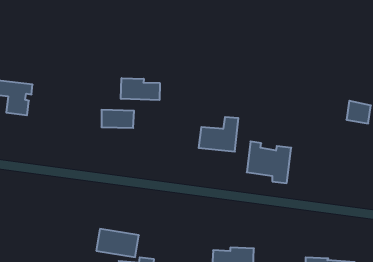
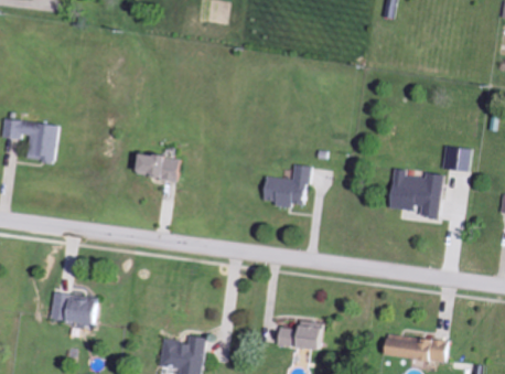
building: [121,78,160,100] -> none
building: [247,141,291,183] -> [389,168,443,218]
building: [96,229,139,257] -> [51,291,103,325]

